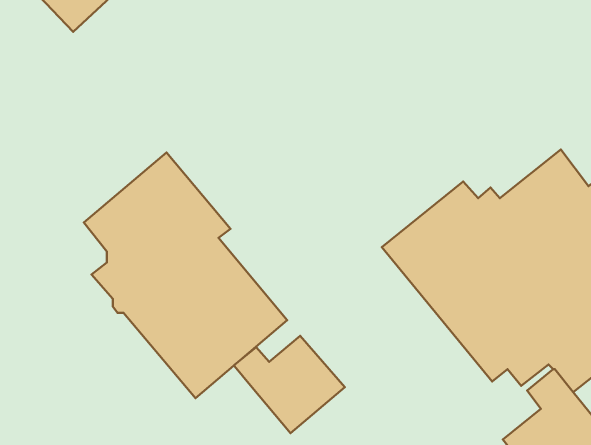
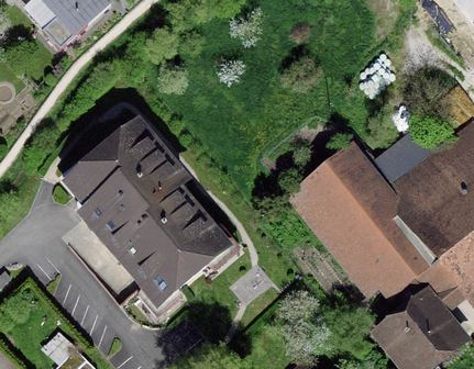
building: [234,336,345,433] -> none

